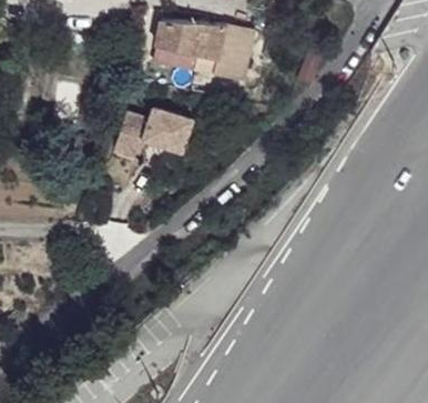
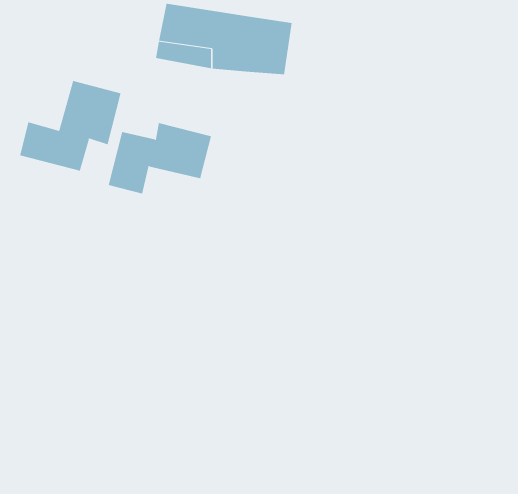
building: none -> [20,80,121,171]

